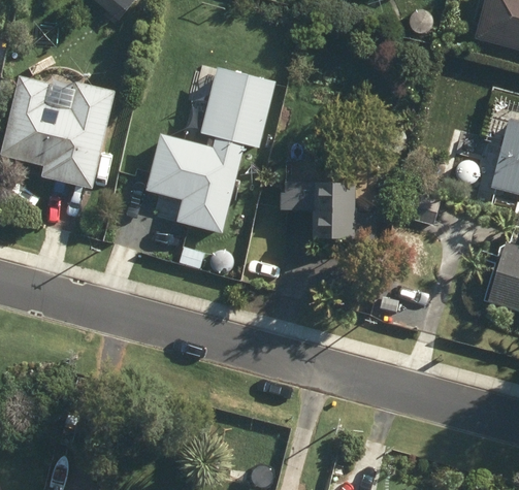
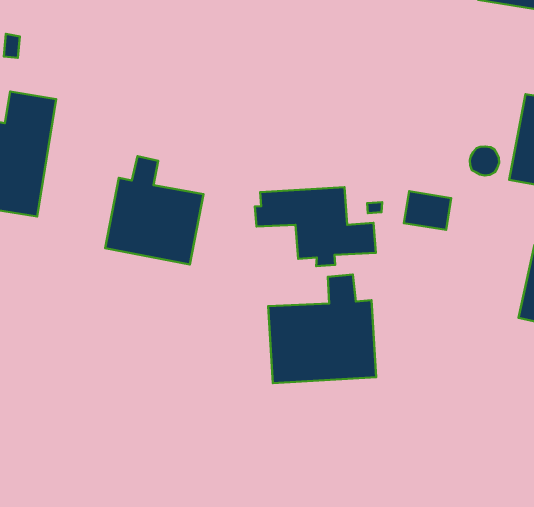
building: [207,62,285,143] -> none
building: none -> [268,275,376,383]

